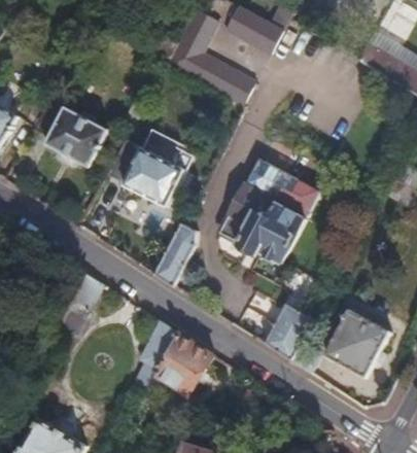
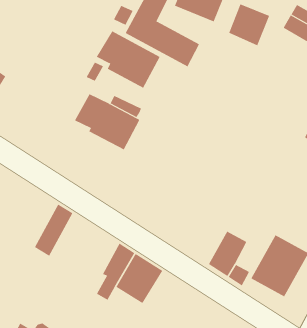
building: none -> [228,4,270,46]
building: [31,96,109,166] -> [96,31,160,88]
building: [220,161,319,266] -> none
building: [154,221,197,285] -> none

